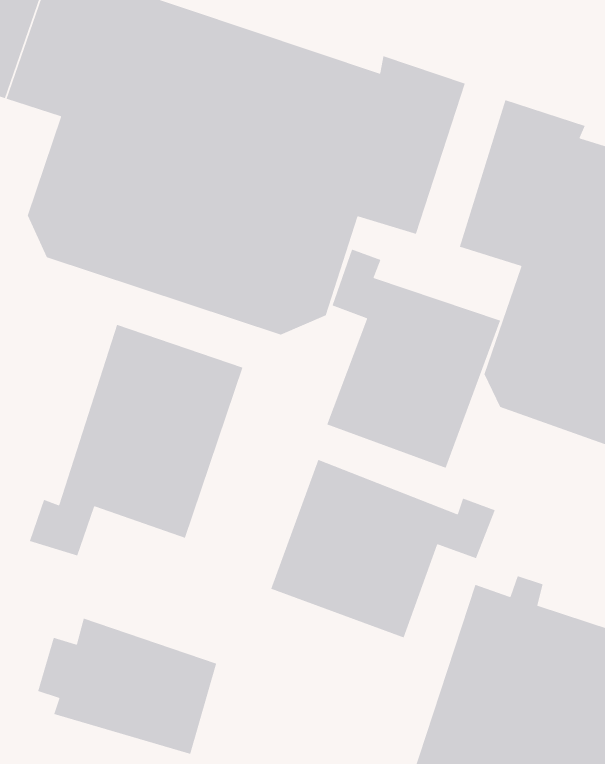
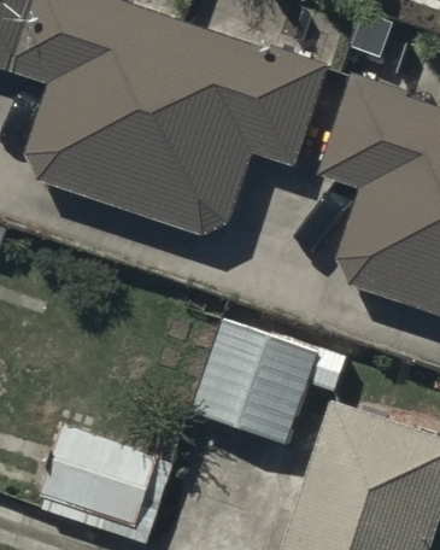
building: [326,249,501,469] -> none
building: [29,324,243,557] -> none

